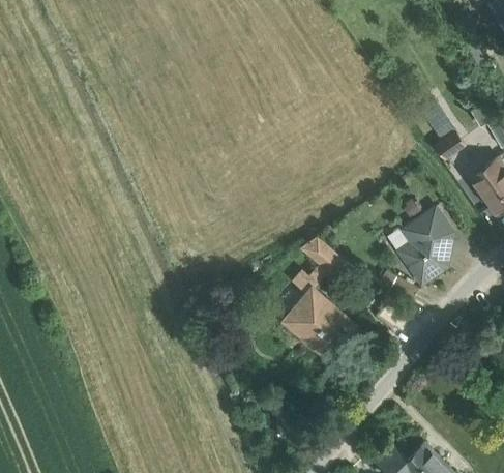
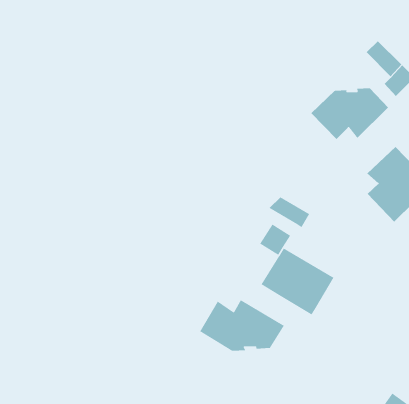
building: none -> [310,87,389,140]
building: none -> [199,299,285,351]

